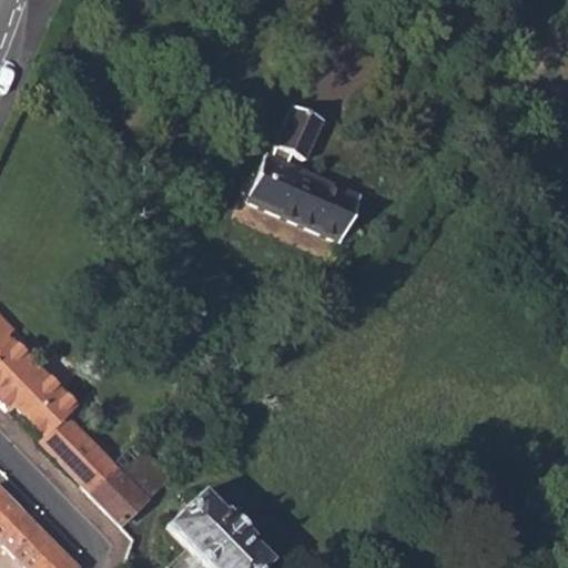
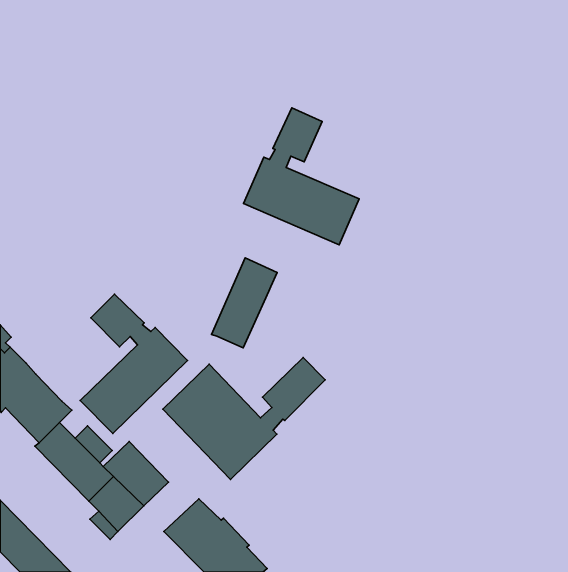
building: none -> [211,258,277,348]
building: none -> [80,294,188,433]
building: none -> [163,358,325,479]

